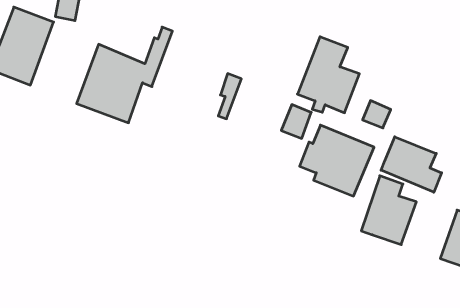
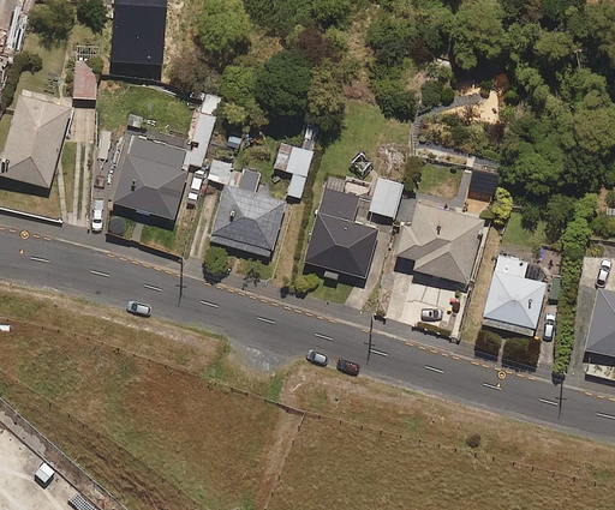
building: [297,37,359,113] -> [303,187,377,281]
building: none -> [208,161,285,258]
building: [381,137,442,192] -> none

